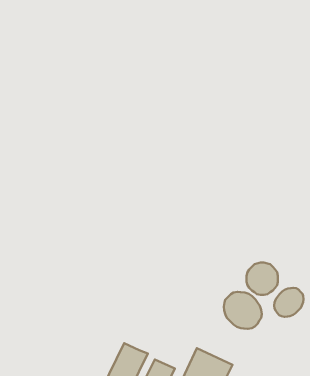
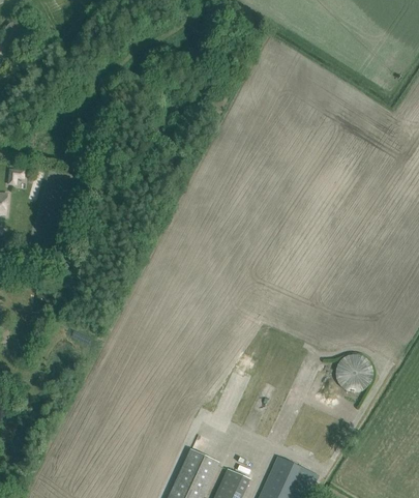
building: [274,288,303,317] -> none
building: [224,292,262,329] -> none

